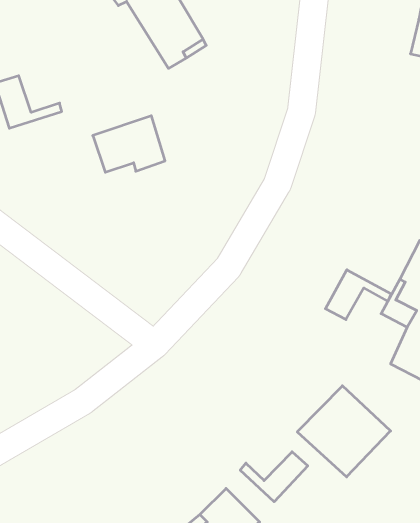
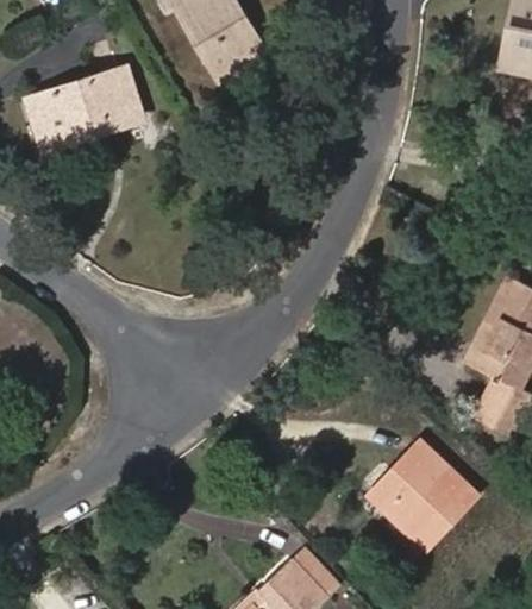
building: [93,116,165,172] -> [54,67,136,131]
building: [325,270,391,320] -> none
building: [240,452,308,502] -> none

